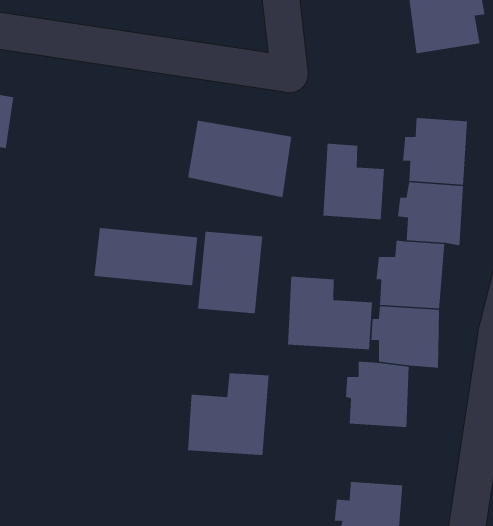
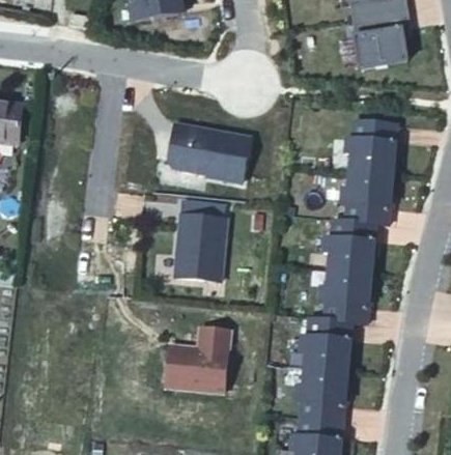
building: [323,143,385,220] -> none
building: [94,227,198,286] -> none
building: [287,276,373,350] -> none
building: none -> [288,370,346,420]

